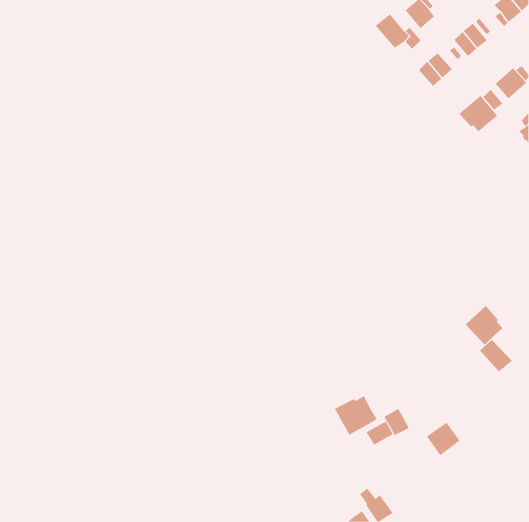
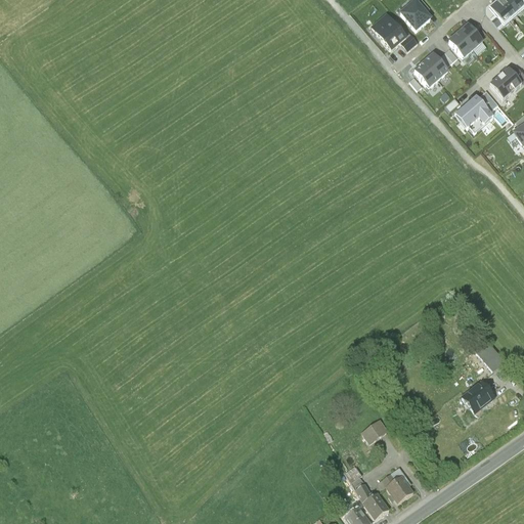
building: [465,305,503,345] -> none
building: [334,396,378,435] -> none
building: [384,408,410,437] -> none
building: [426,422,460,456] -> [462,378,495,411]
building: none -> [386,473,414,501]

